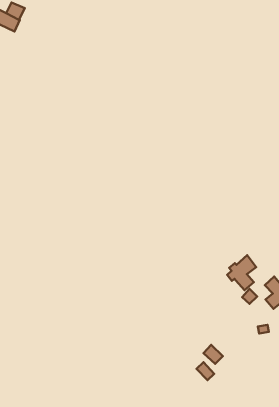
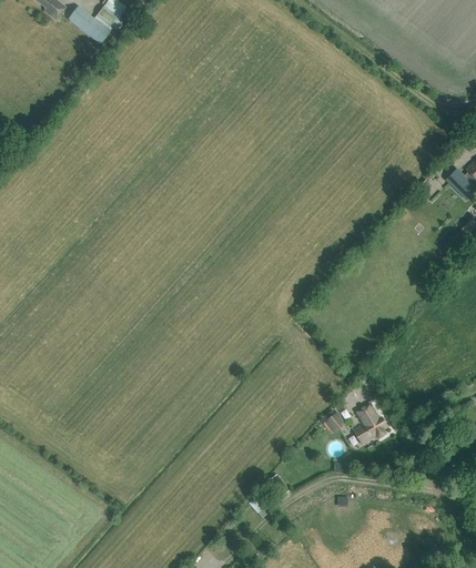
building: [227,255,256,290] -> none

